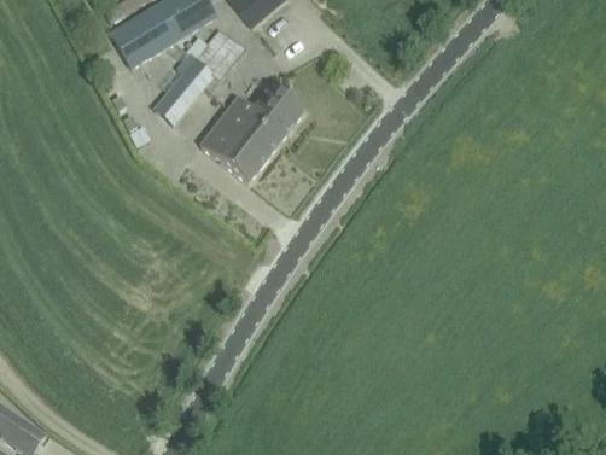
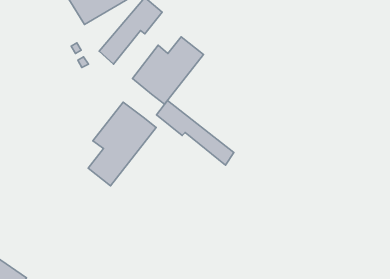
building: none -> [157,101,234,165]
building: none -> [88,102,156,186]

